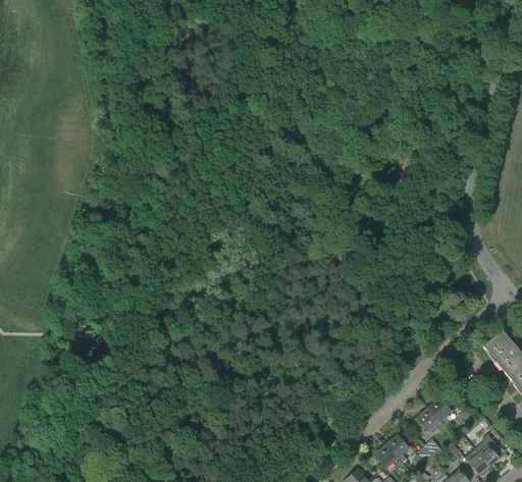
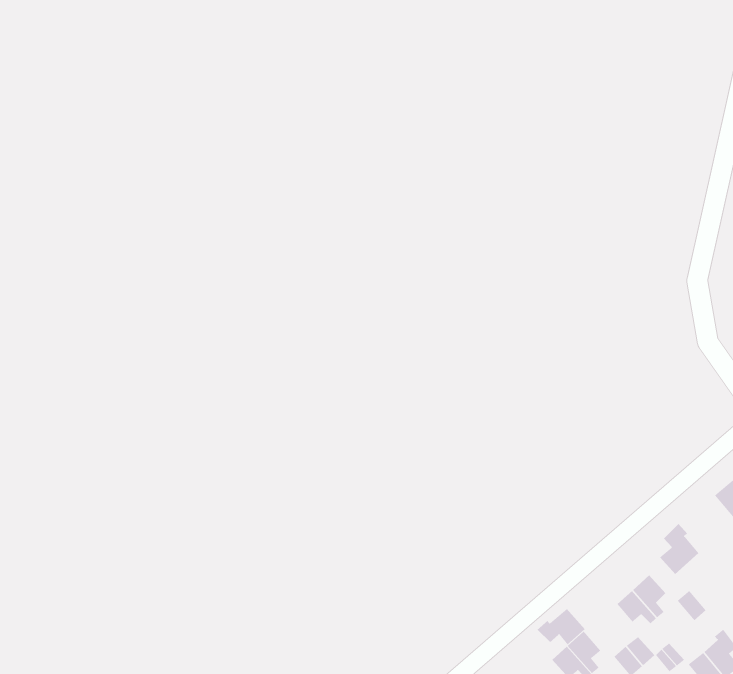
building: none -> [659,523,699,575]
building: none -> [537,608,585,645]

